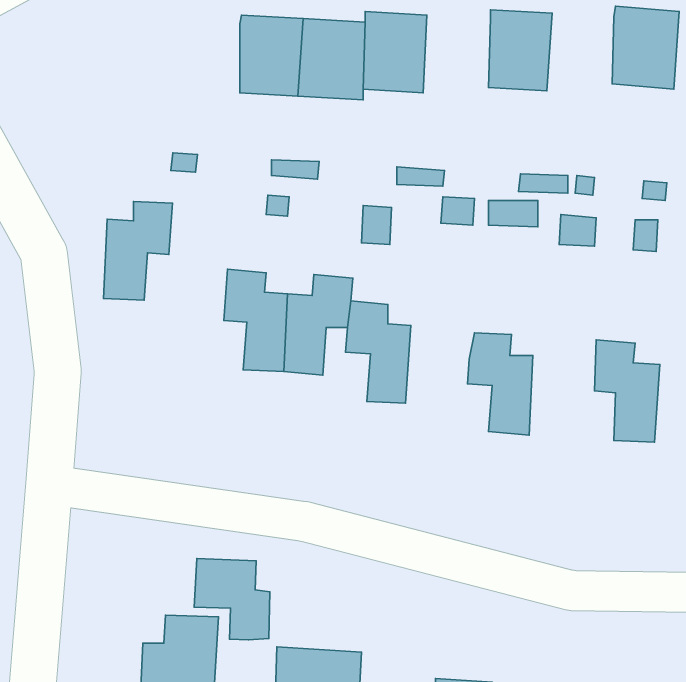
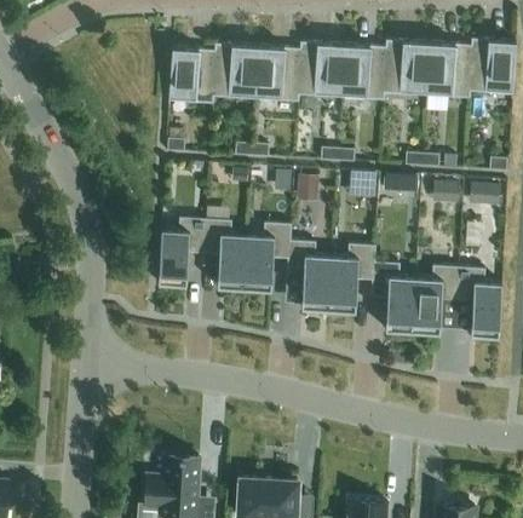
building: none -> [425,42,471,98]
building: none -> [340,44,386,99]
building: none -> [168,47,214,103]
building: [104,201,172,300] -> [159,217,206,284]
building: none -> [328,243,377,311]
building: none -> [413,265,459,333]
building: [194,558,270,640] -> none

